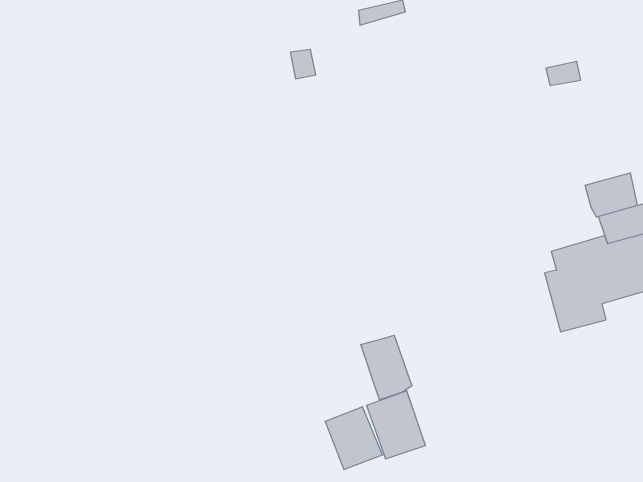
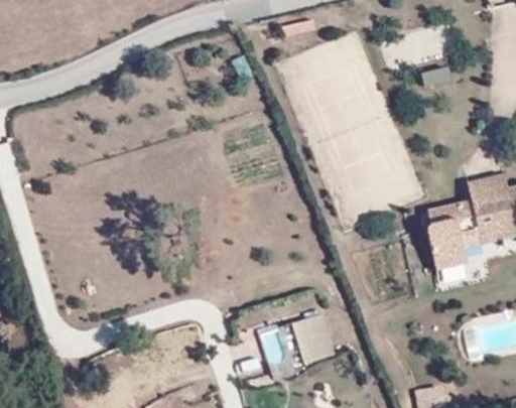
building: [585,173,637,217] -> none
building: [361,335,412,400] -> none

